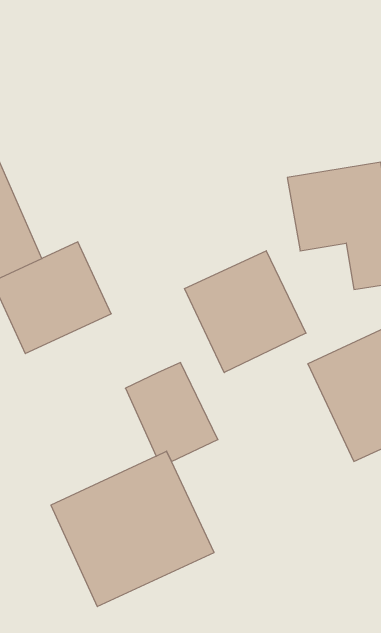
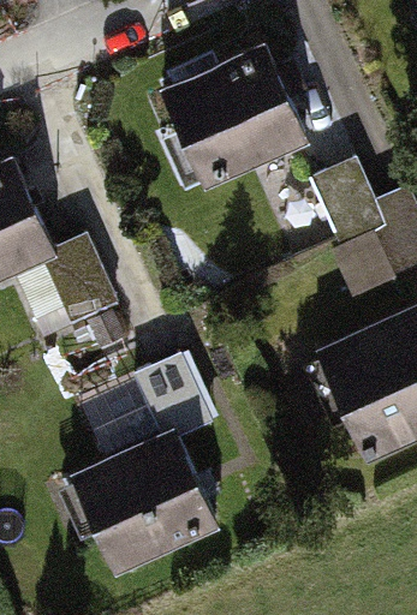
building: none -> [142,46,293,187]
building: [185,251,306,373] -> none

